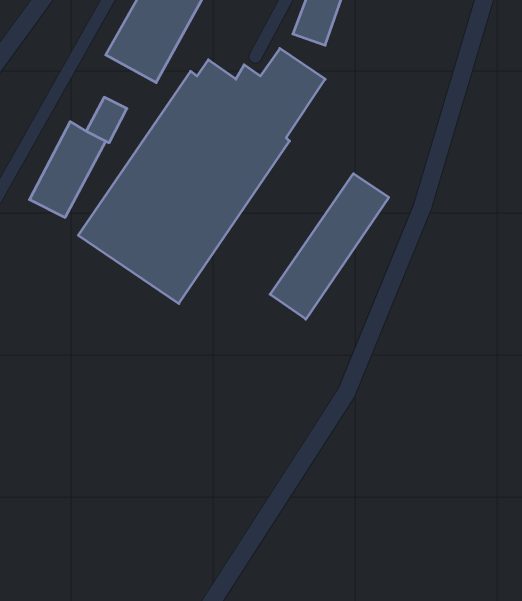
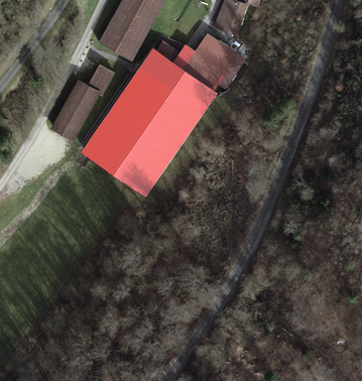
building: [270,174,389,319] -> none

